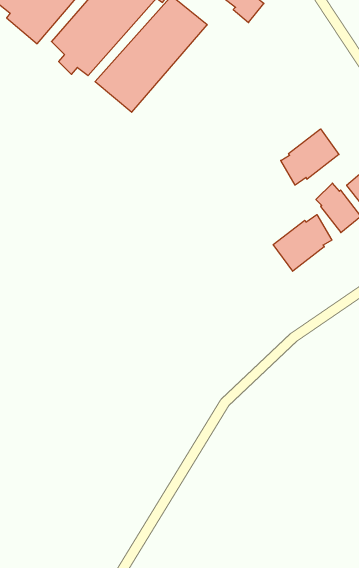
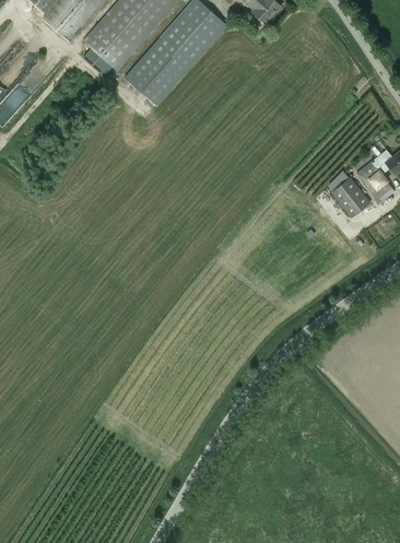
building: [281,129,339,185] -> none
building: [273,215,332,271] -> none

